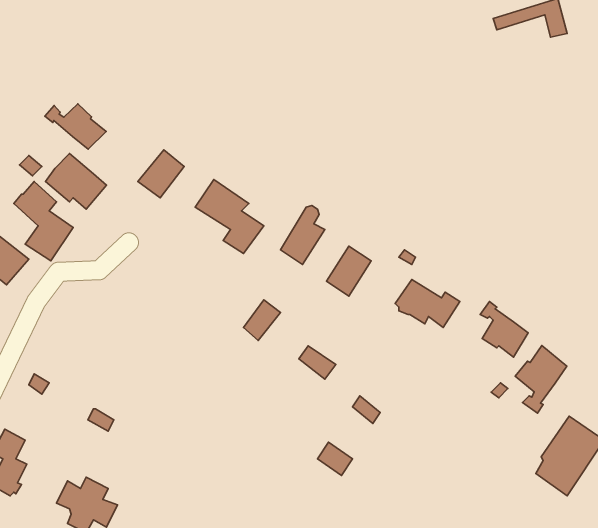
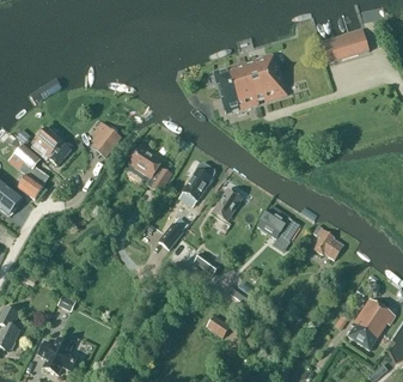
building: none -> [210,55,282,111]
building: [45,104,106,149] -> none
building: [515,345,567,413] -> none

